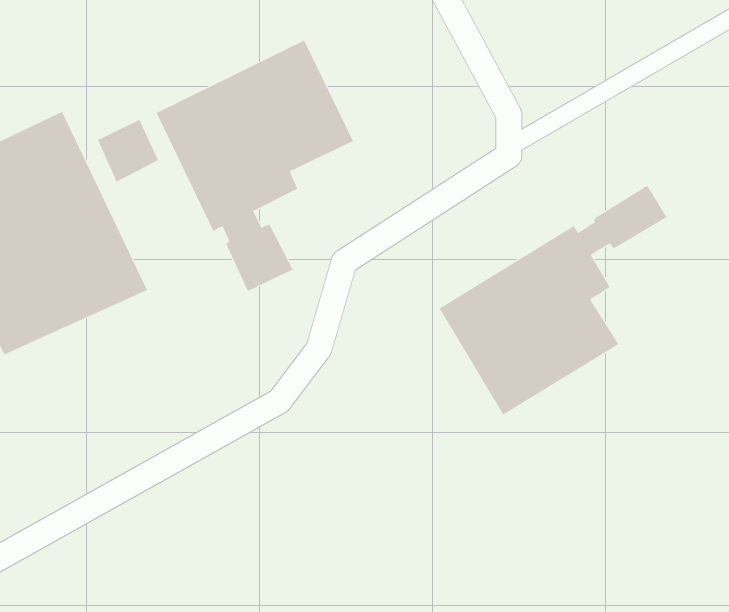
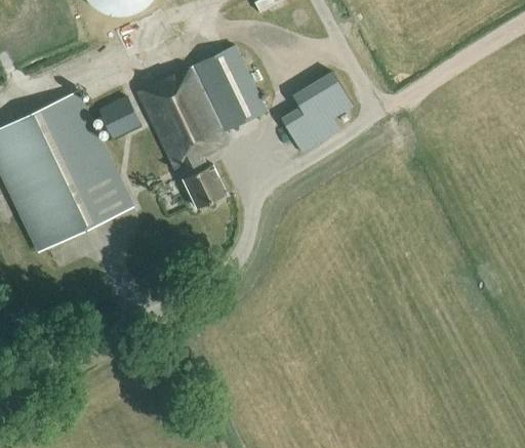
building: none -> [280,73,354,154]
building: [439,185,667,415] -> none

